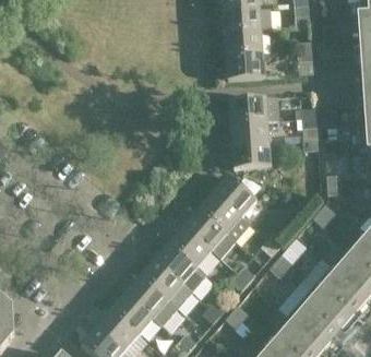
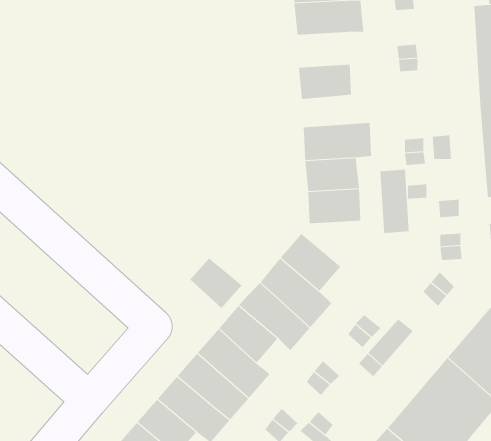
building: [225,29,263,55] -> none
building: none -> [380,169,409,234]
building: none -> [189,257,243,309]

